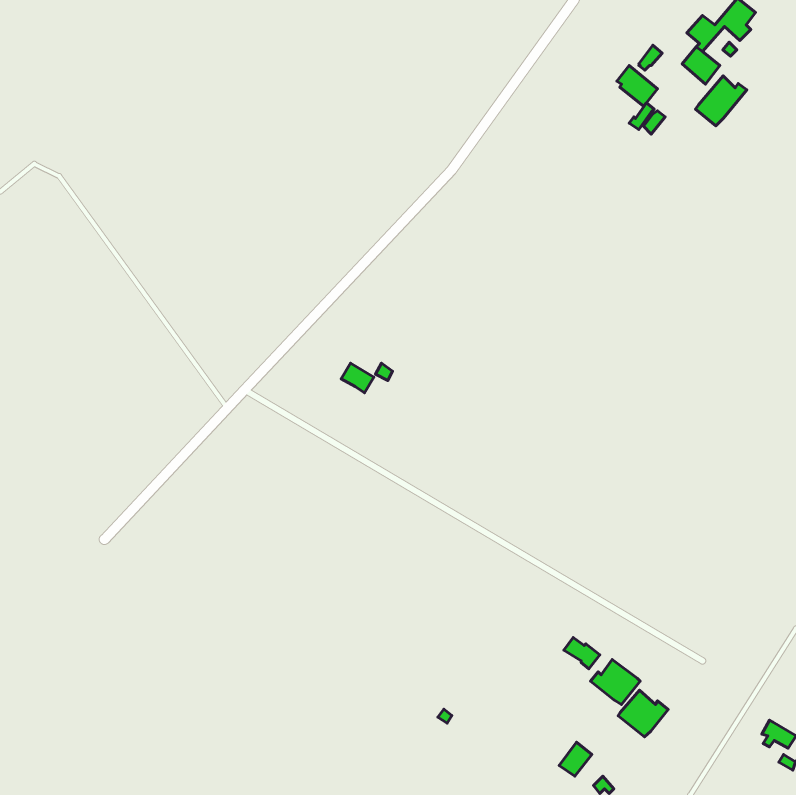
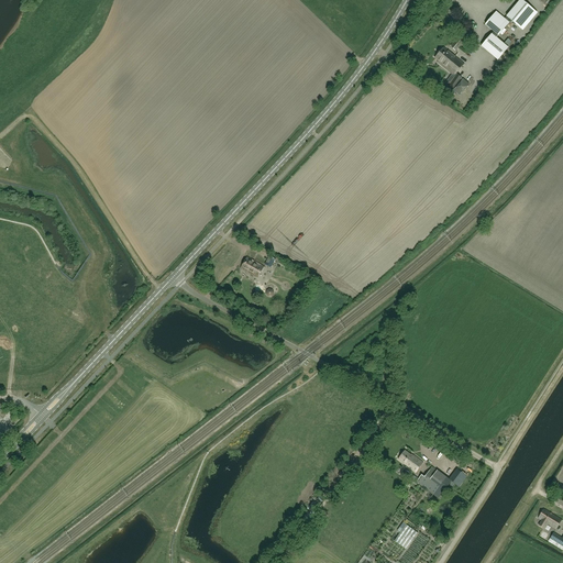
building: [695,76,747,126] -> none
building: [618,690,668,737] -> none

